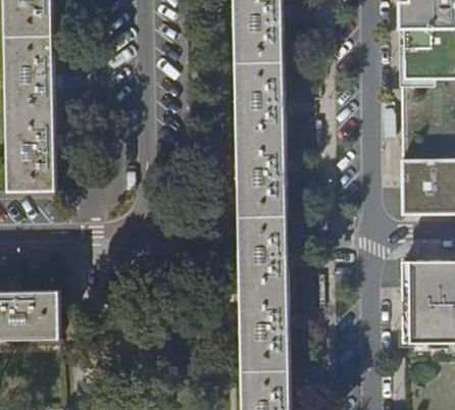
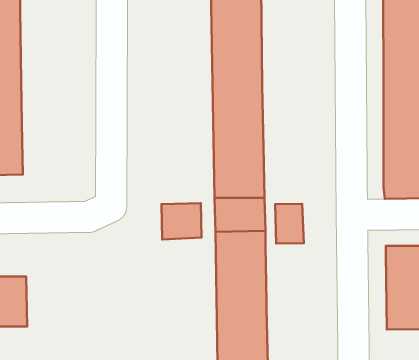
building: none -> [162,203,201,239]
building: none -> [275,204,304,243]

